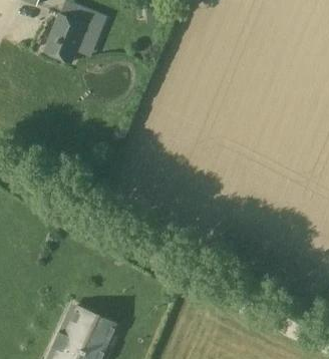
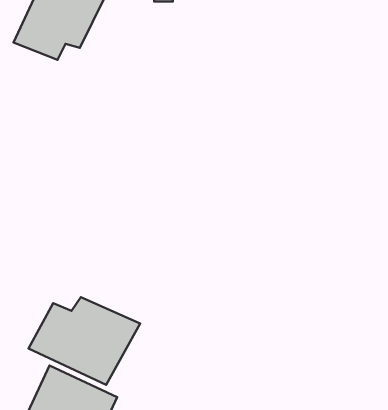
building: none -> [29,297,140,385]

